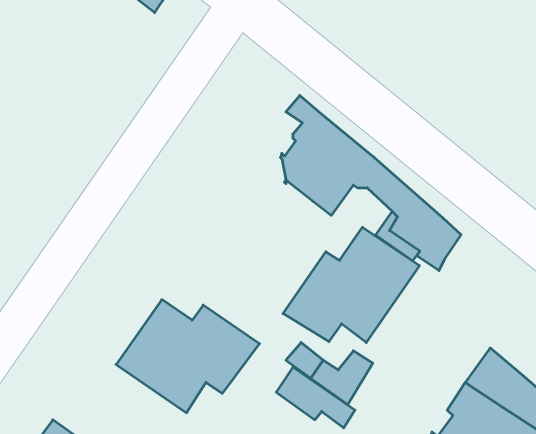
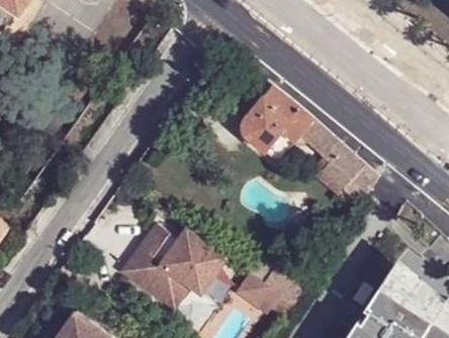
building: [283,227,419,343] -> none

